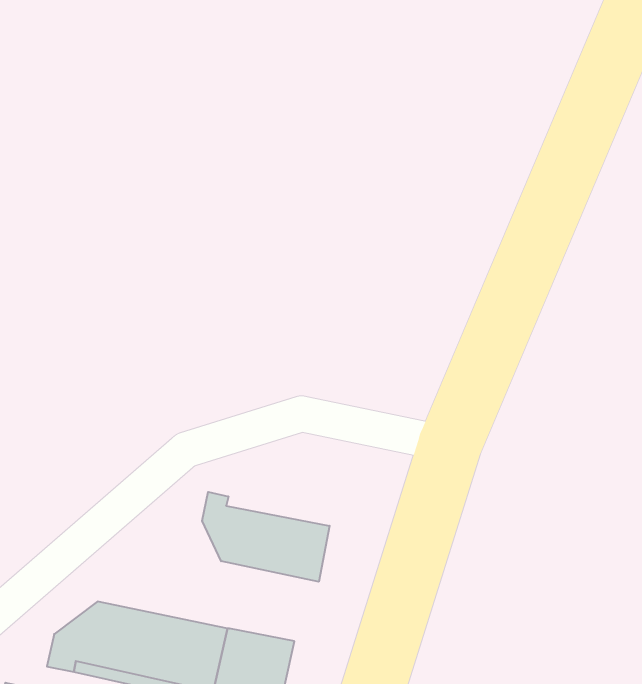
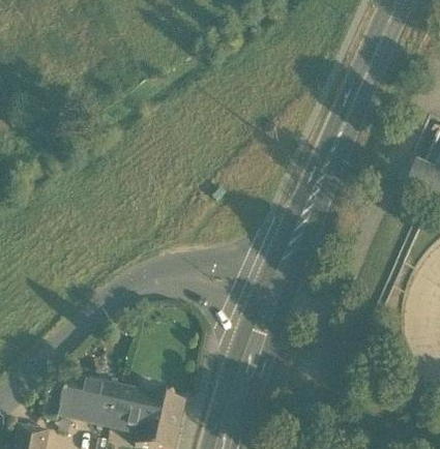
building: [202,492,330,582] -> none

